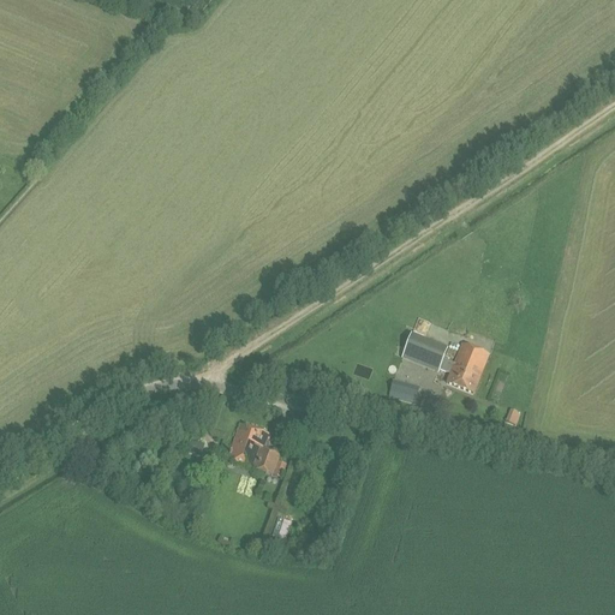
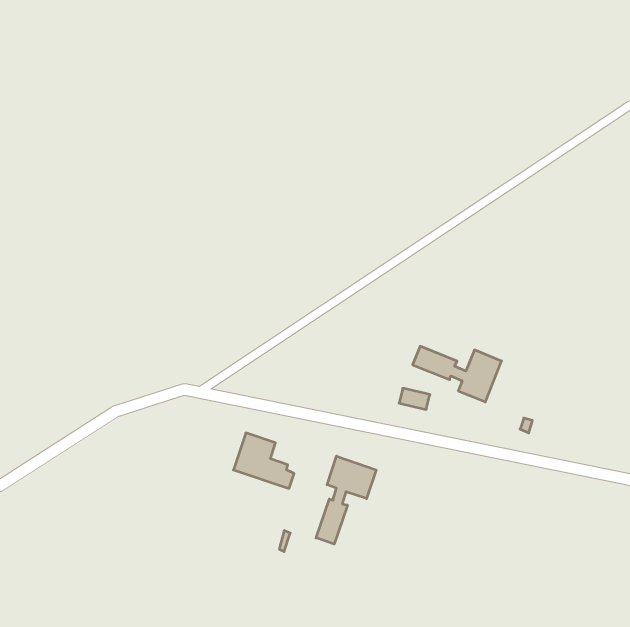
building: none -> [316,456,376,544]

